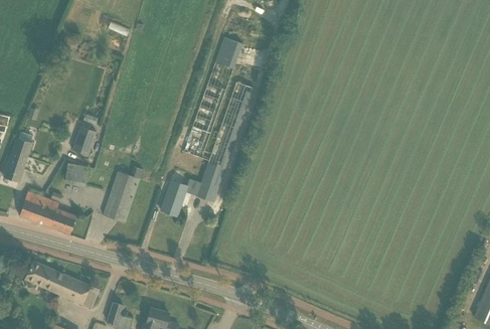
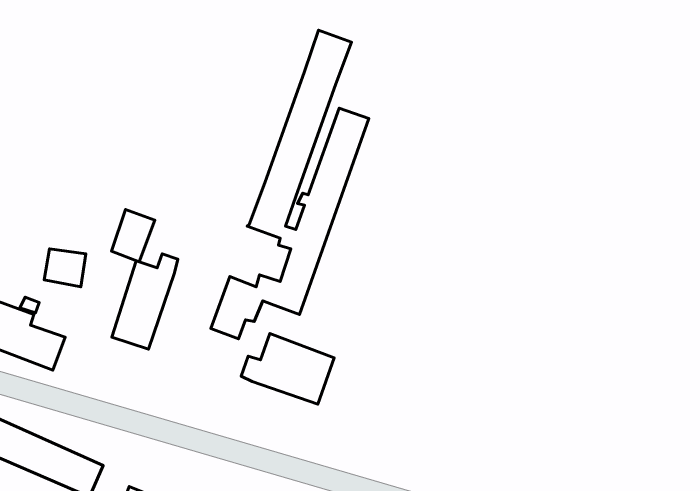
building: [71,126,97,156] -> [111,210,155,262]
building: none -> [241,333,334,404]

